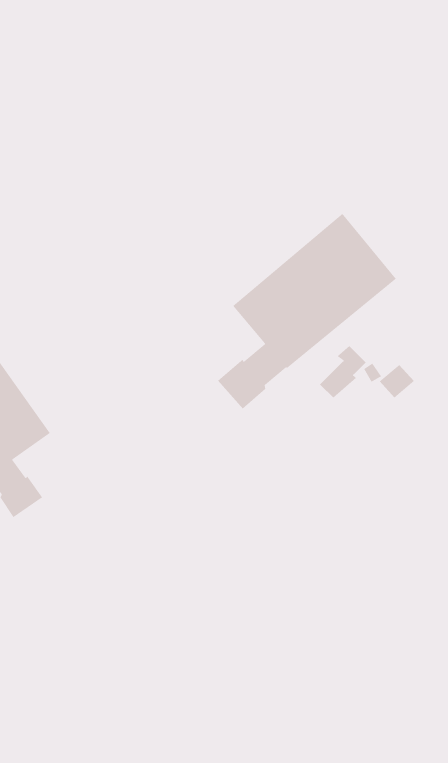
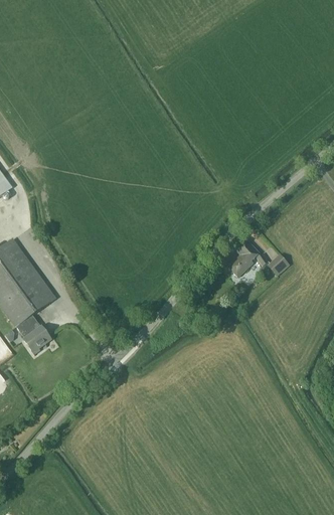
building: [217,213,397,409] -> none

